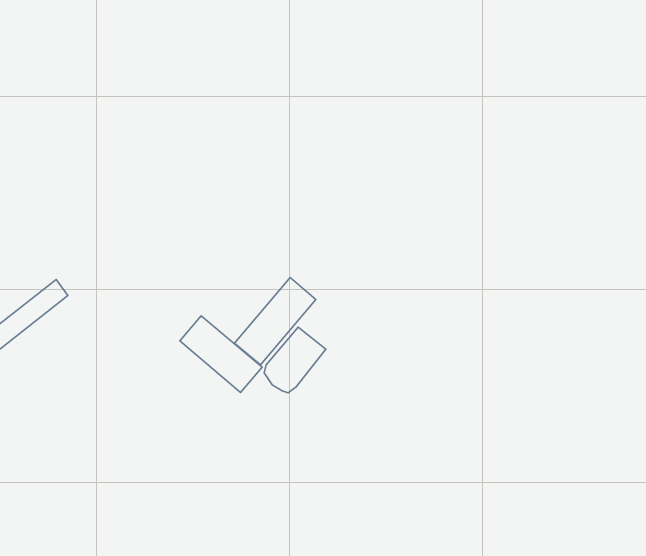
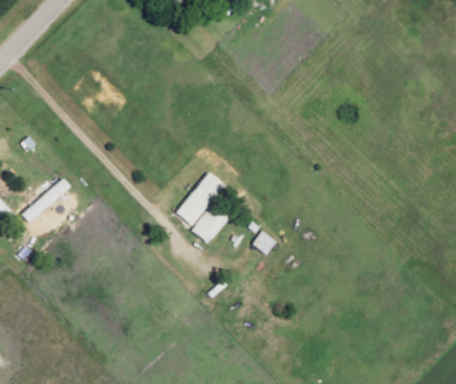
building: [180,316,262,393] -> none

